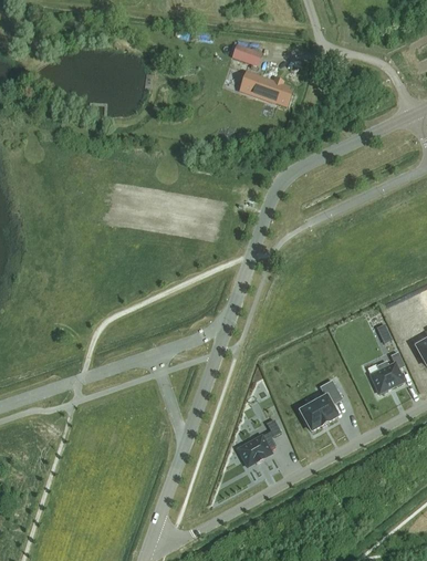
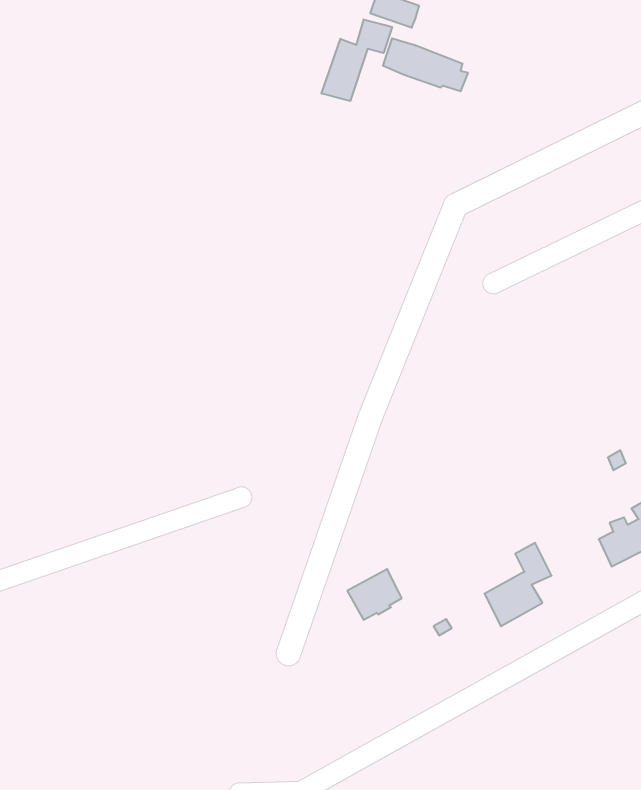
building: none -> [321,19,392,101]
building: [237,435,270,466] -> [347,569,402,620]

